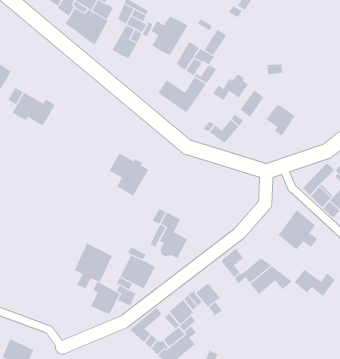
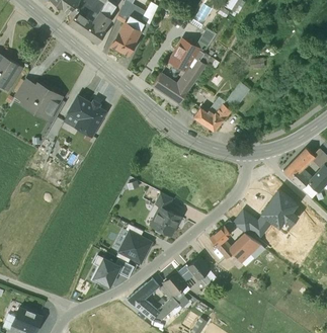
building: [150,15,188,56] -> none
building: [213,74,249,101] -> none
building: [266,104,296,137] -> none
building: [109,153,149,197] -> [69,96,105,136]
building: [74,243,113,289] -> none
building: [294,269,335,297] -> [234,212,271,237]

